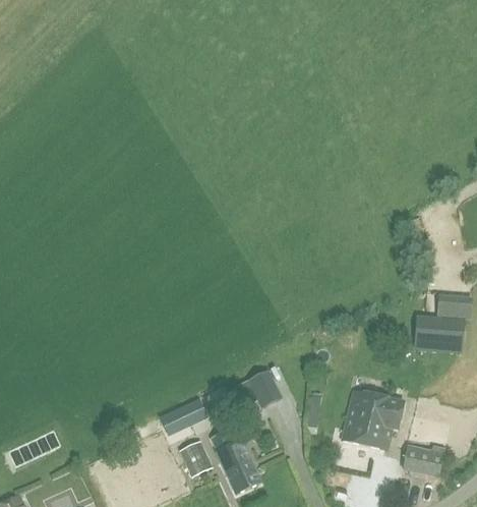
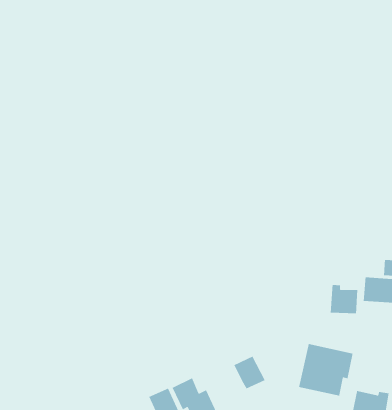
building: none -> [330,284,358,314]
building: [246,370,282,407] -> [233,355,266,390]
building: [159,398,207,436] -> none

